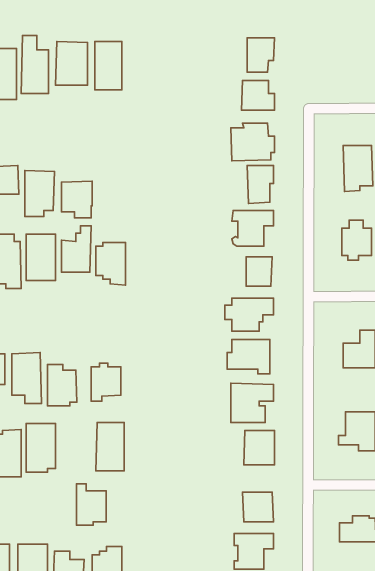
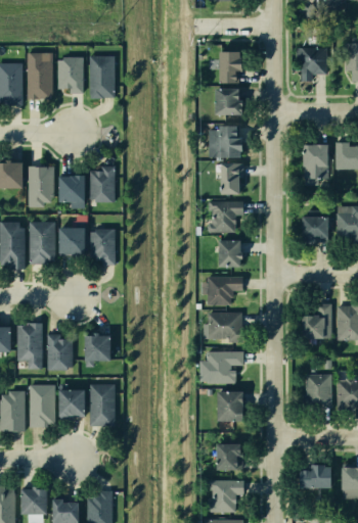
building: none -> [296,48,325,81]
building: none -> [90,165,116,202]
building: [77,484,106,525] -> [60,384,86,420]

